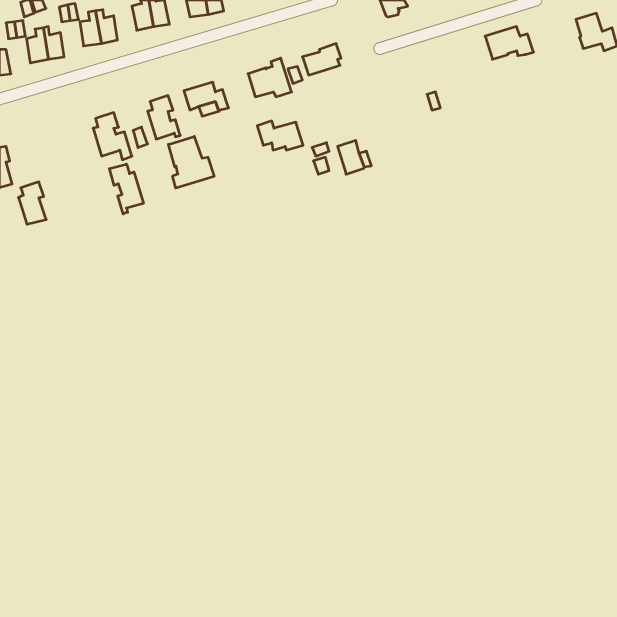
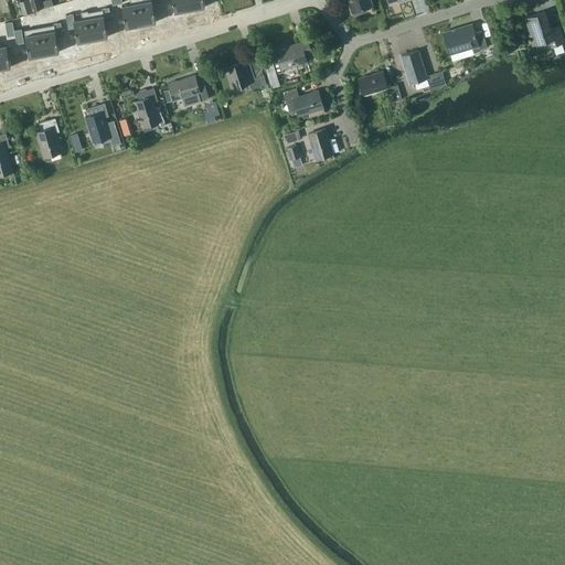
building: none -> [401,51,445,92]
building: none -> [358,72,387,96]
building: [257,121,303,150] -> [282,90,324,117]
building: [168,136,214,188] -> none
building: [109,164,143,214] -> none
building: [18,182,46,224] -> [35,119,61,158]

